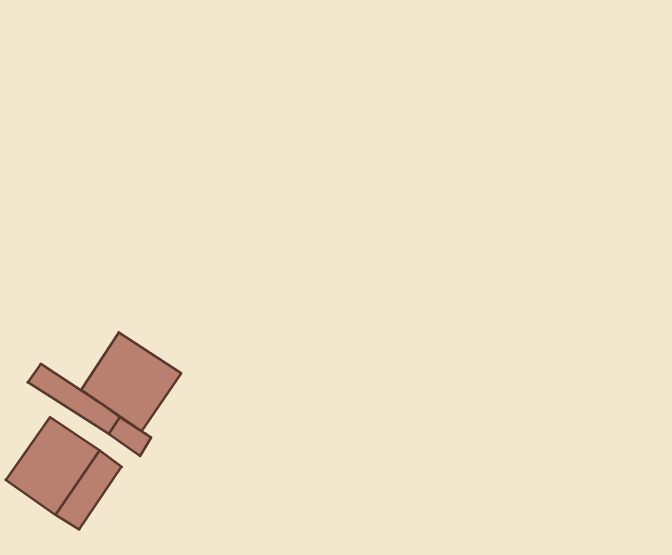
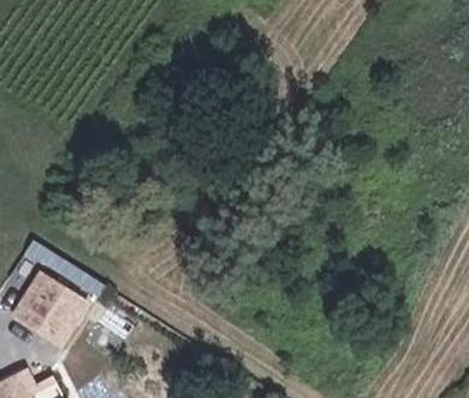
building: [81,332,181,431] -> none

